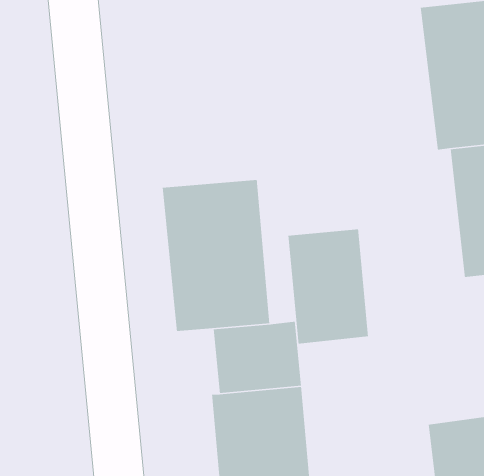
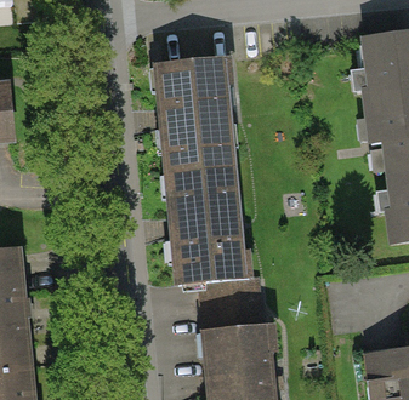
building: none -> [152,57,234,173]
building: [287,229,369,345] -> none

